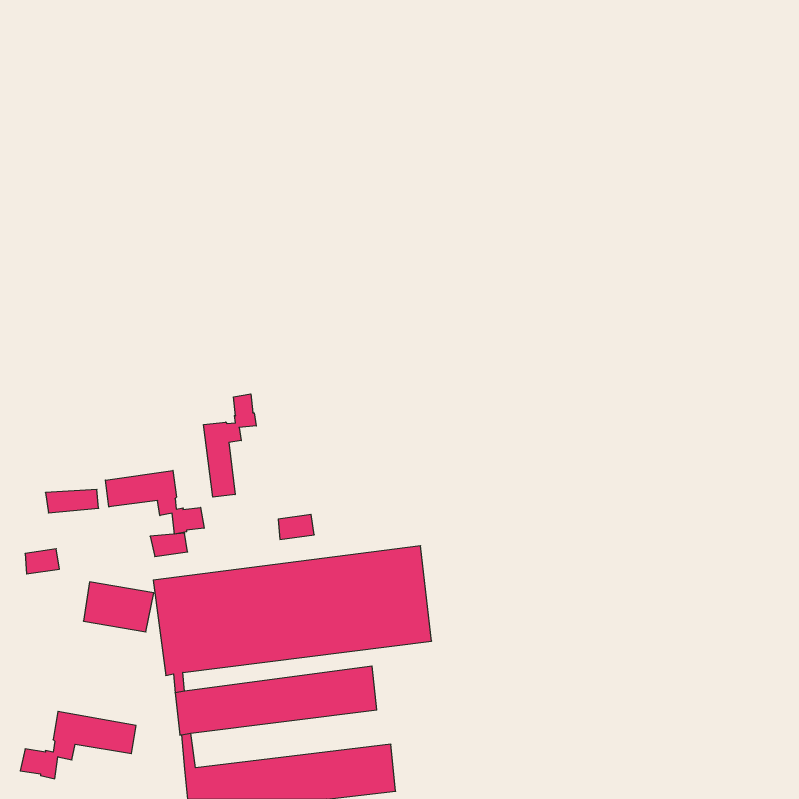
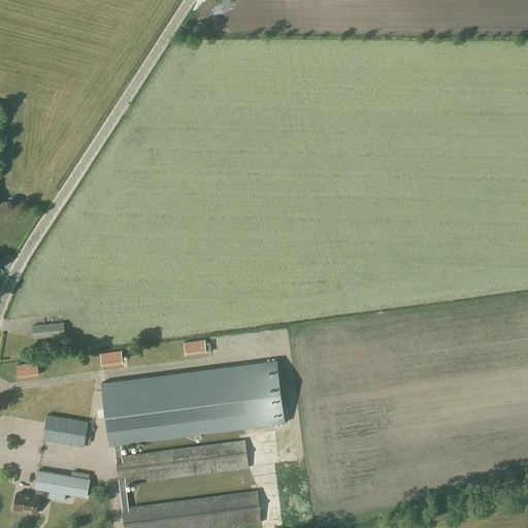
building: [204,394,256,497] -> none
building: [105,470,204,534] -> none
building: [83,582,154,632] -> [42,415,89,448]

